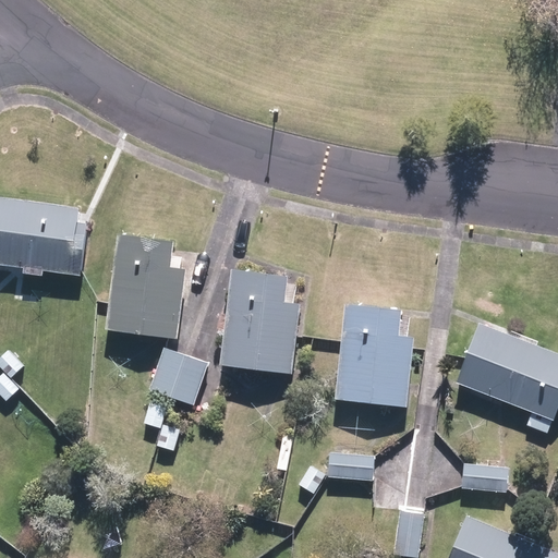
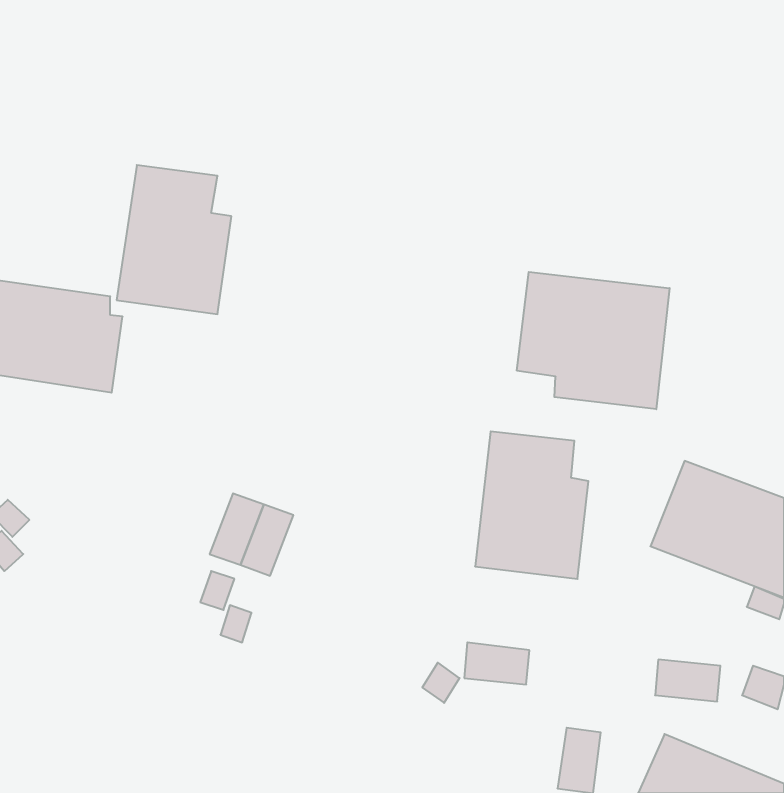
building: none -> [517,272,670,409]
building: [105,234,185,339] -> [117,165,231,314]
building: [220,270,300,374] -> none

